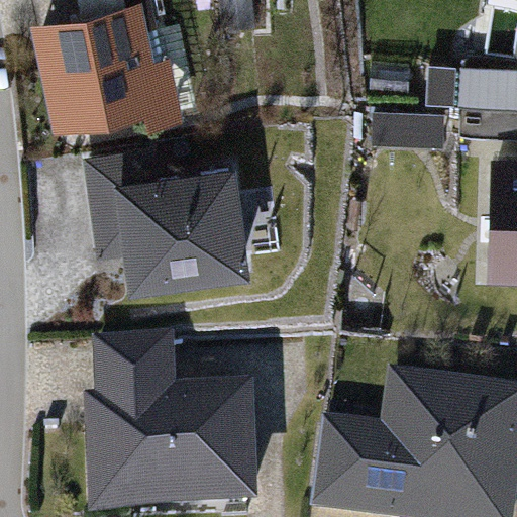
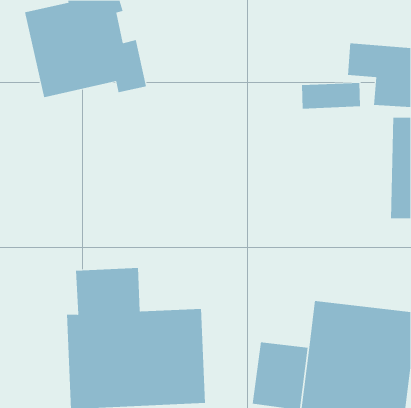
building: [83,147,252,286] -> none

